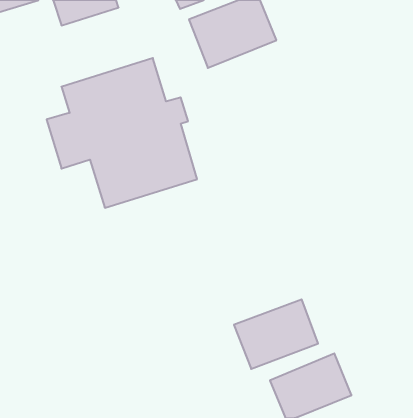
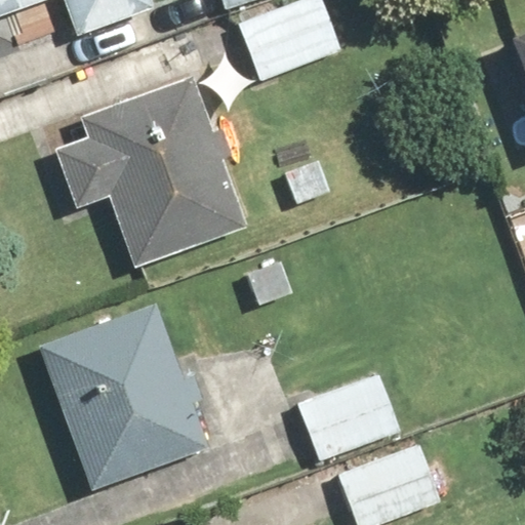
building: none -> [32,300,215,494]

